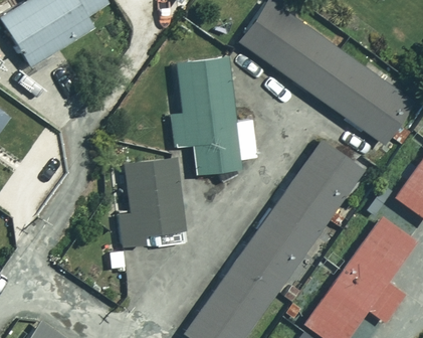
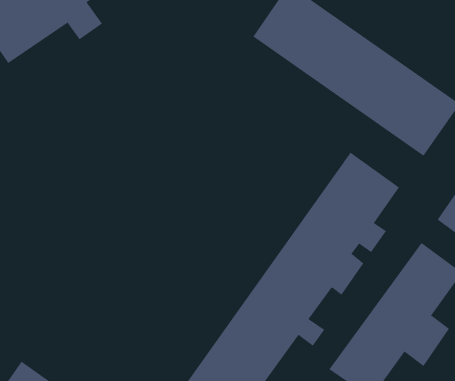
building: [171,58,256,175] -> none
building: [119,157,184,247] -> none

